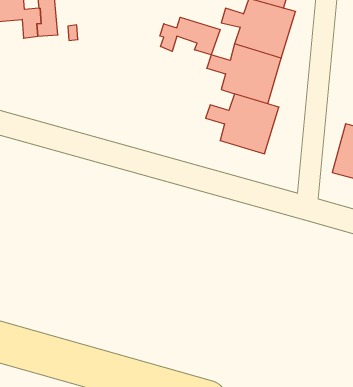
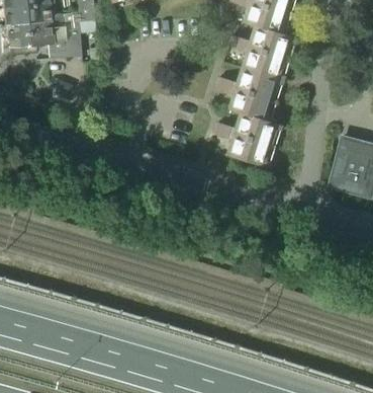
building: [160,17,220,55] -> none

